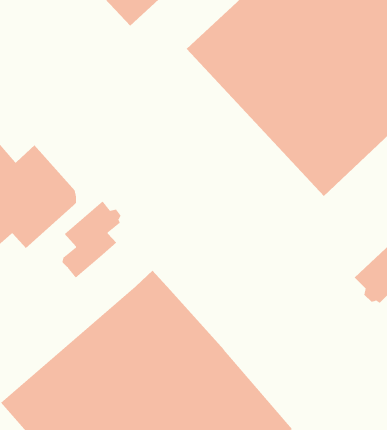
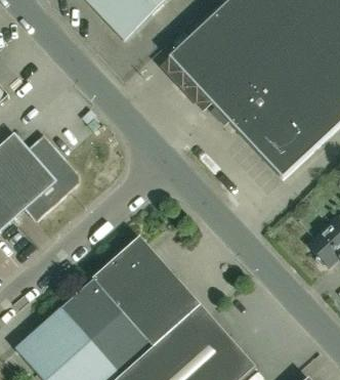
building: [62,200,121,279] -> none

